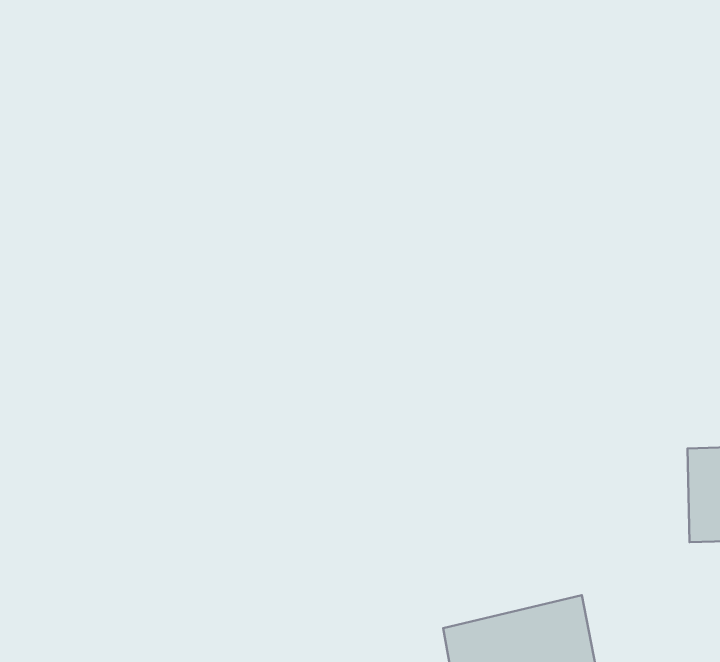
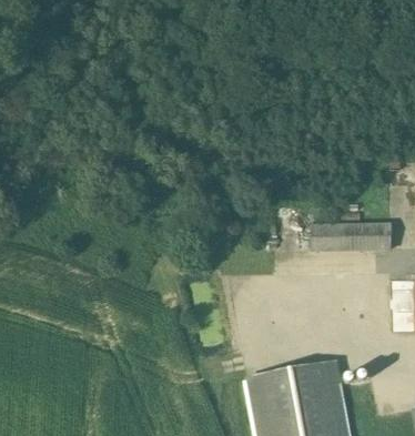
building: none -> [312,224,393,249]

